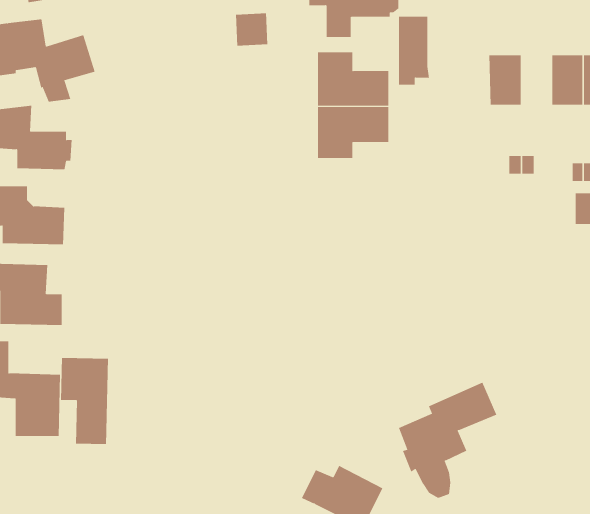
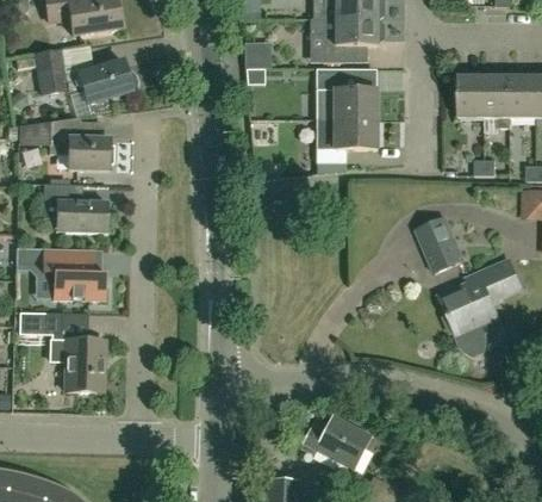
building: [398,16,430,85] -> [485,75,511,132]
building: none -> [417,216,463,272]
building: [60,357,108,445] -> none
building: [398,382,497,498] -> [440,258,522,354]

